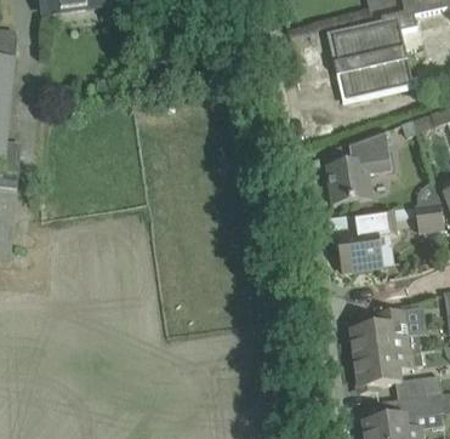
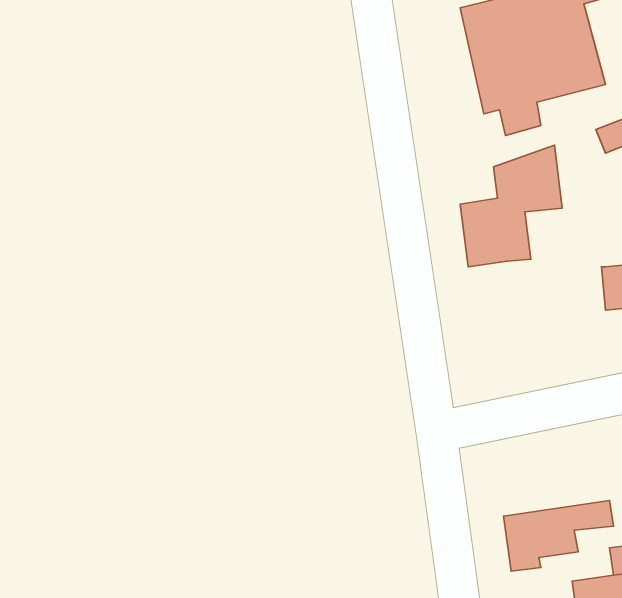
building: [336,207,395,270] -> none
building: [349,308,420,357] -> none

